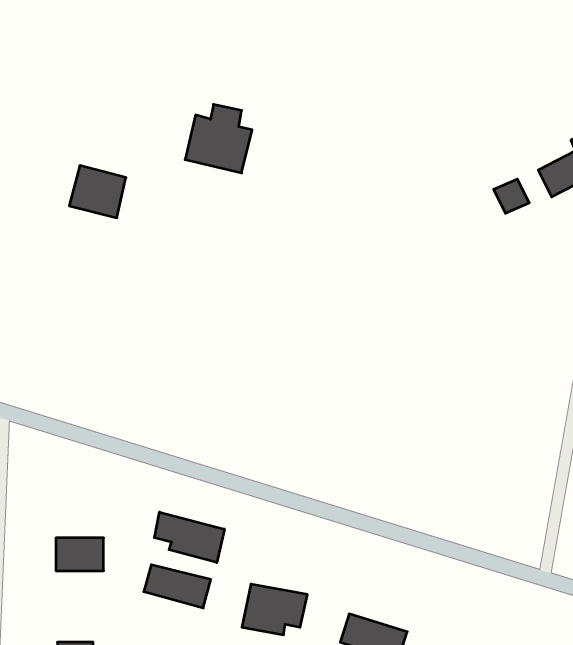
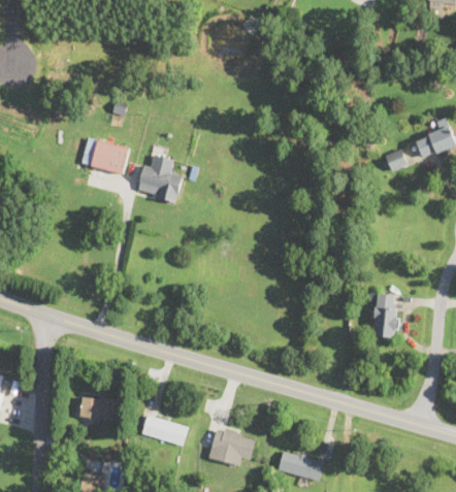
building: [185,104,252,173] -> [136,156,183,203]
building: none -> [373,294,398,338]
building: [154,512,224,563] -> none

